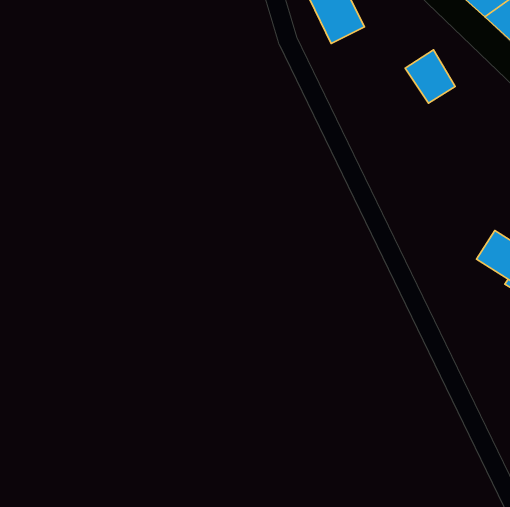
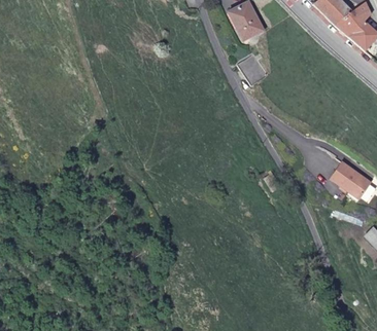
building: [405,50,455,103] -> [234,52,265,85]

